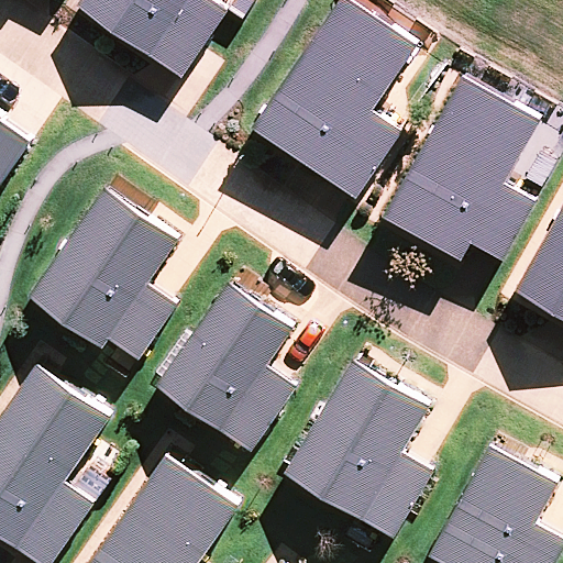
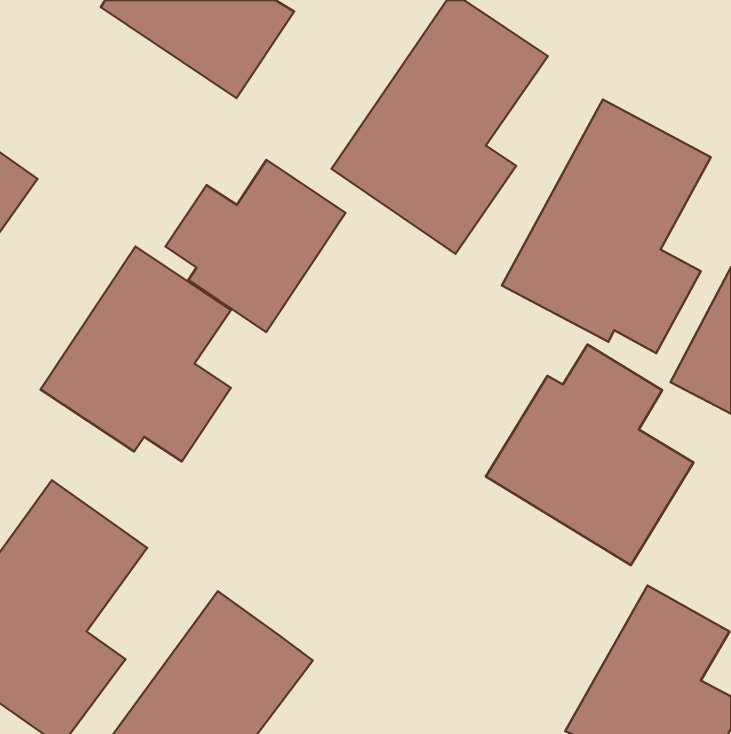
building: none -> [166,160,346,332]
building: none -> [486,345,693,565]
building: [156,282,295,451] -> none
building: [286,363,431,534] -> none

